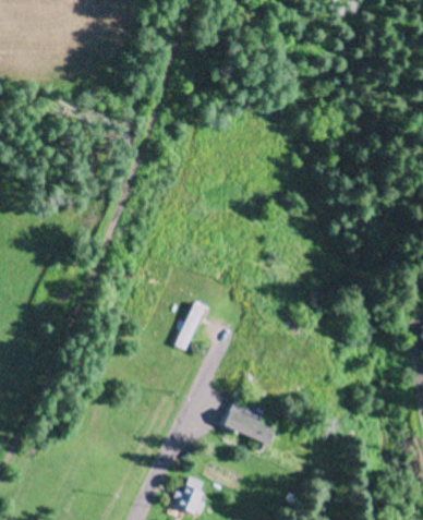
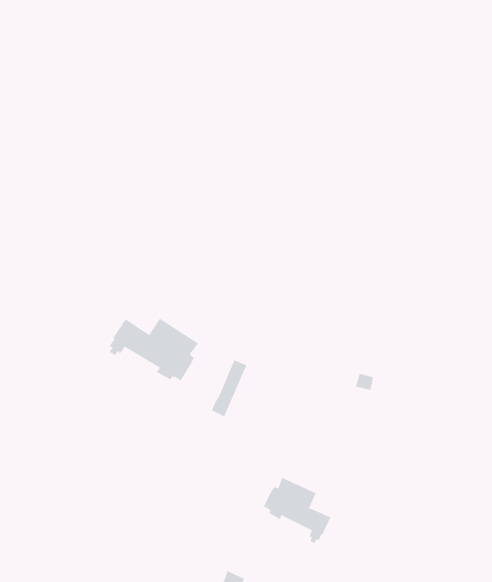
building: none -> [109,318,199,381]

